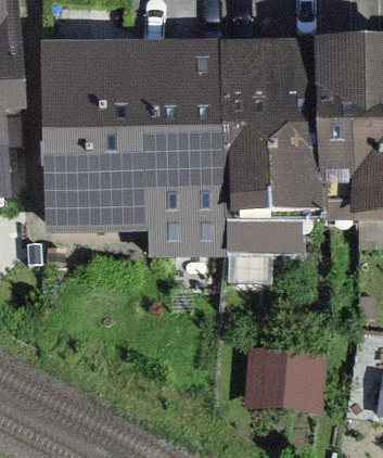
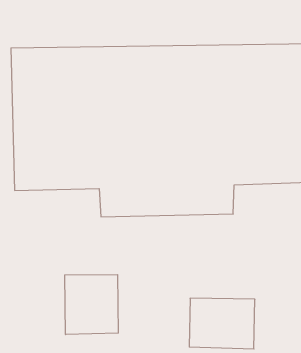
building: none -> [65,275,118,335]

